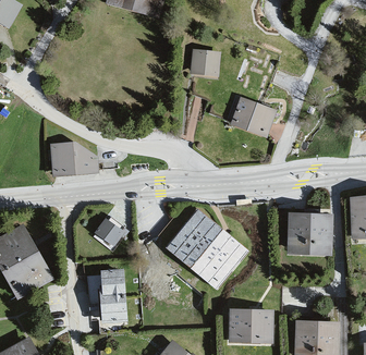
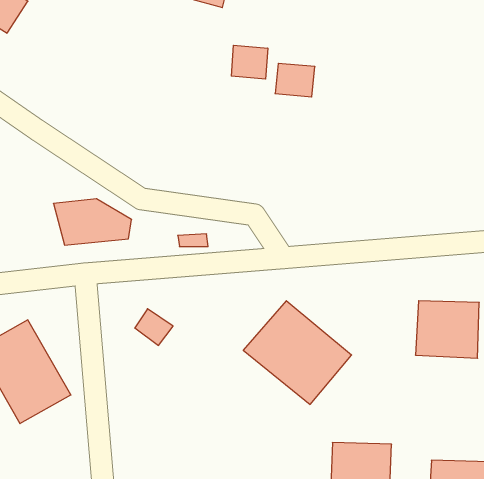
building: none -> [231,45,268,79]
building: [232,99,273,134] -> none
building: [99,269,126,321] -> none

